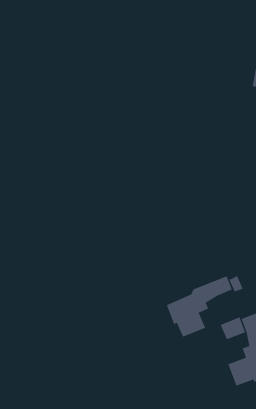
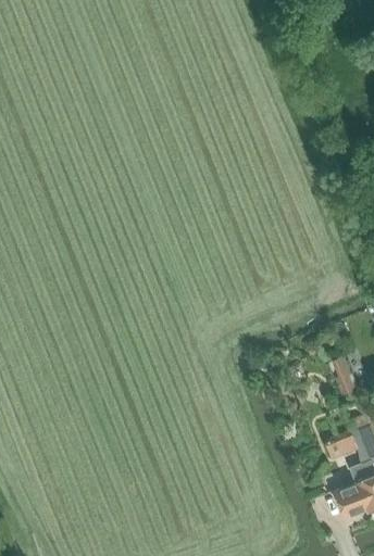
building: [166,275,232,338] -> none

